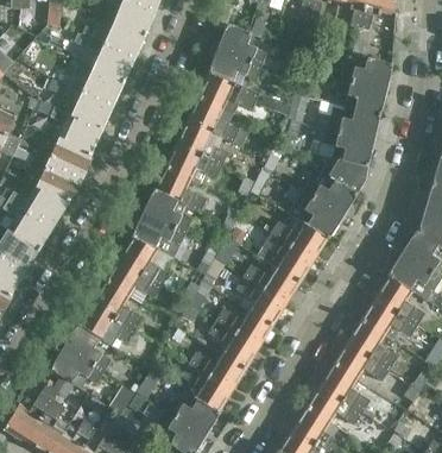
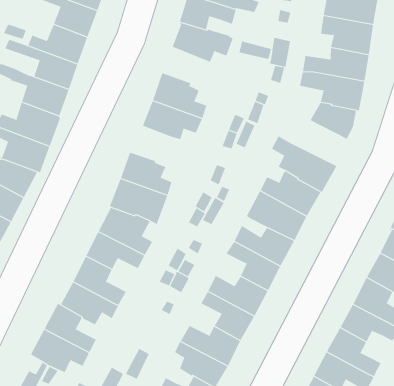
building: [189,96,248,146] -> none
building: [156,166,207,212] -> none
building: [302,172,356,216] -> none

